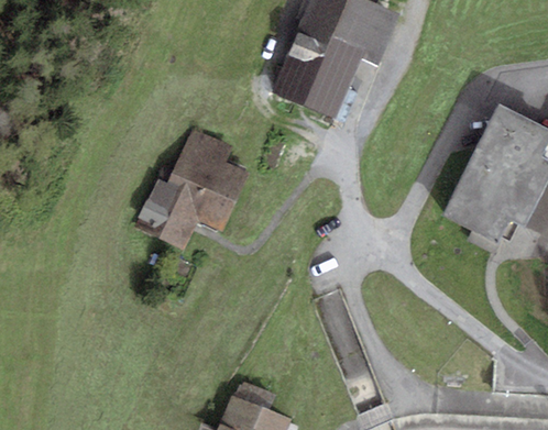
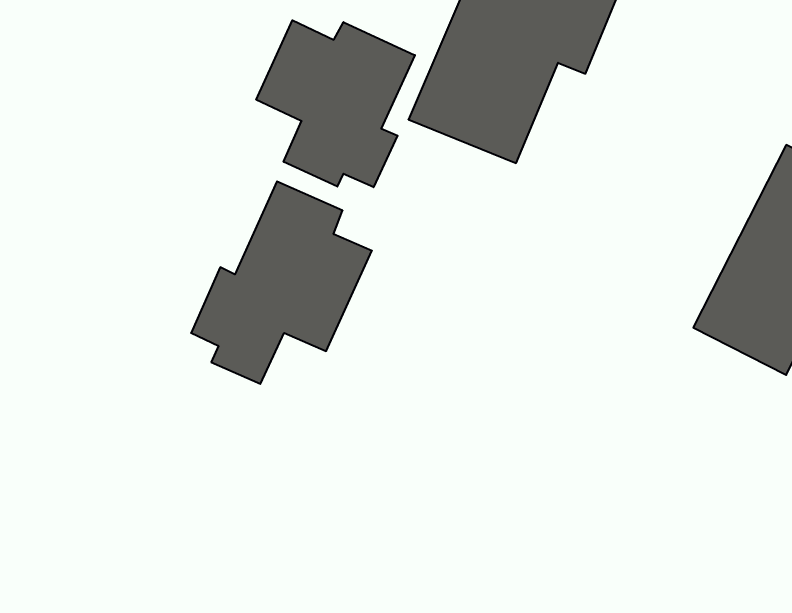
building: none -> [256,20,415,187]

